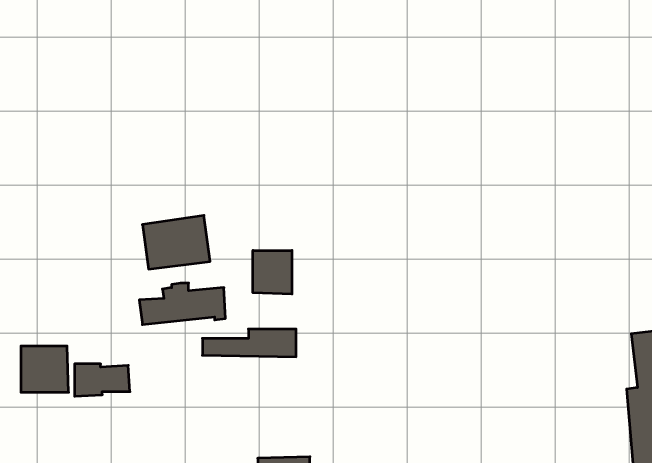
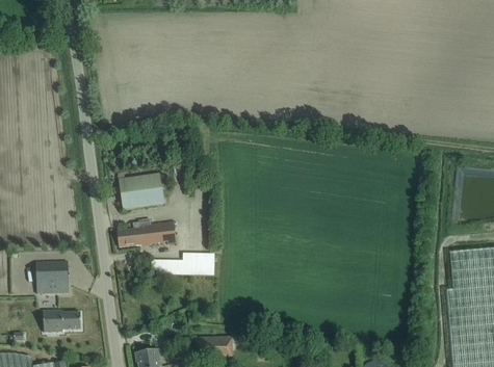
building: [253,250,292,294] -> none
building: [75,364,130,396] -> [44,310,81,332]

